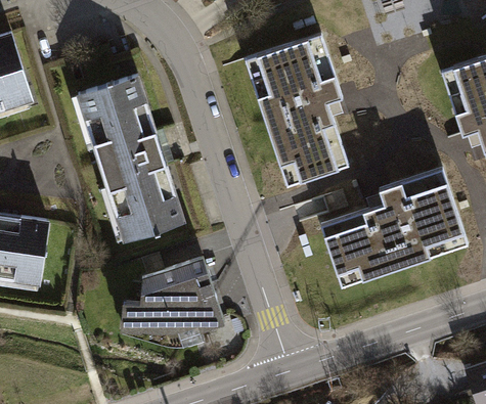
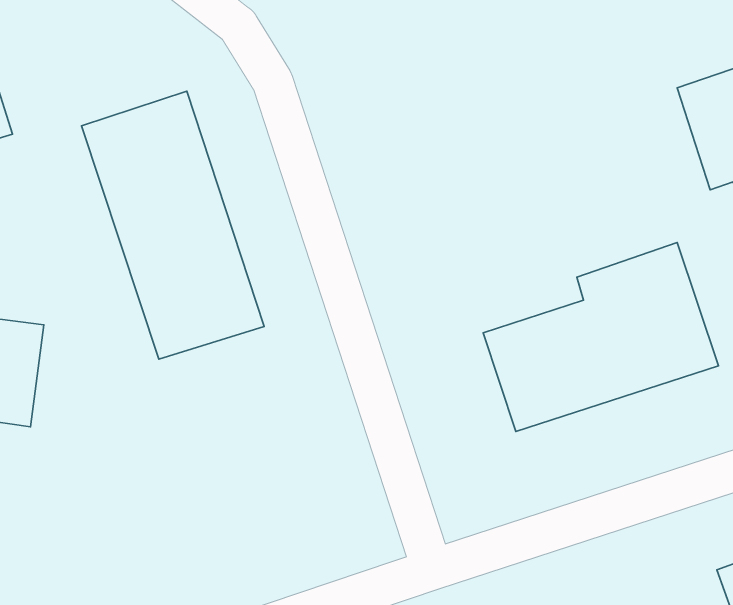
building: [246,35,349,186] -> none
building: [125,261,225,335] -> none

